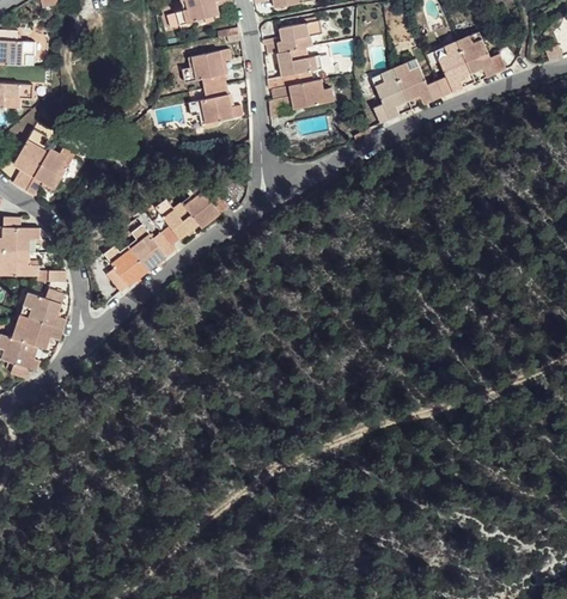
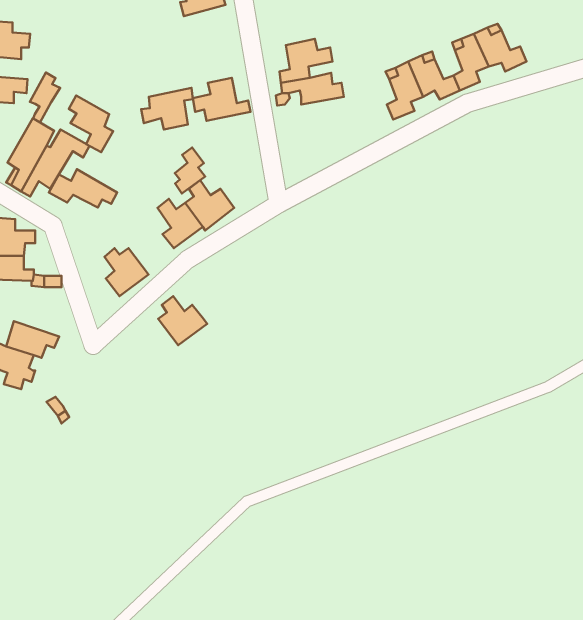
building: [266,20,321,54] -> none
building: [182,49,231,88] -> [141,88,193,129]
building: none -> [30,73,60,122]
building: none -> [69,95,113,152]
building: none -> [175,147,205,194]
building: none -> [49,169,117,207]
building: [128,224,175,270] -> [158,296,207,345]
building: [19,288,66,329] -> none

